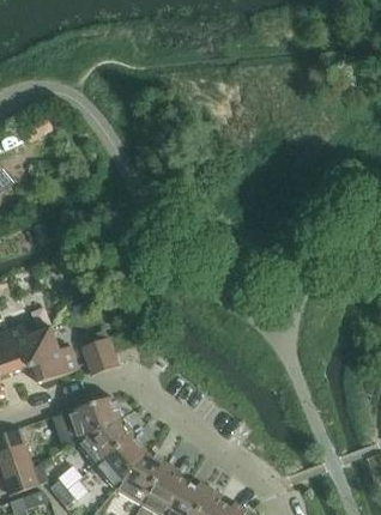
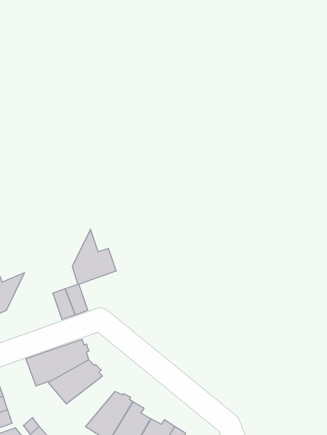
building: [31,326,78,384] -> [72,229,116,285]
building: [95,435,146,489] -> none

